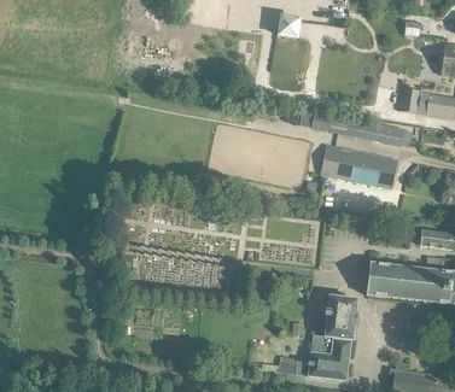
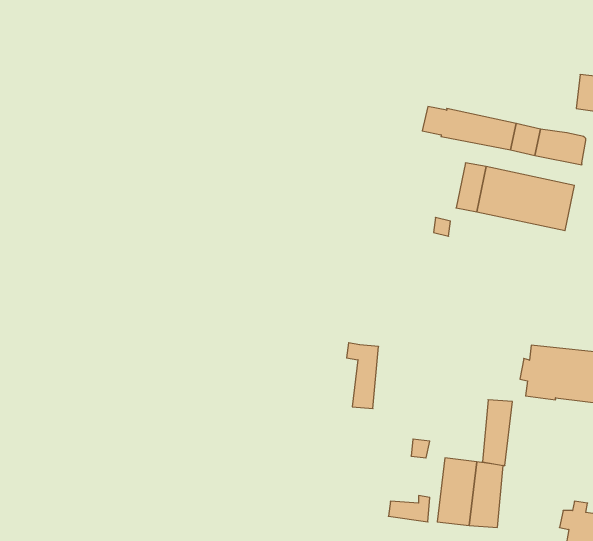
building: [321,294,342,337] -> [347,343,379,409]

